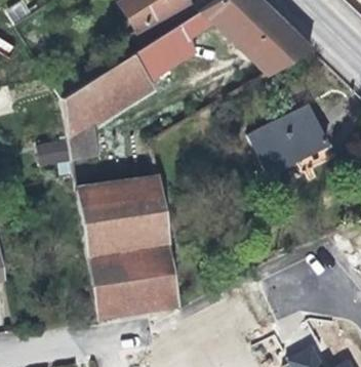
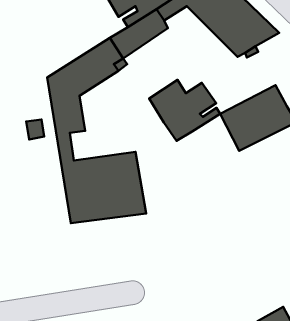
building: none -> [149,80,220,141]
building: [89,244,179,315] -> none

